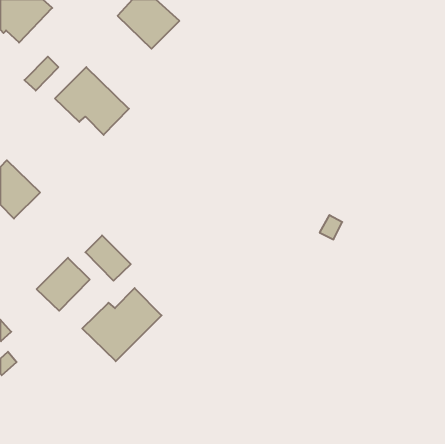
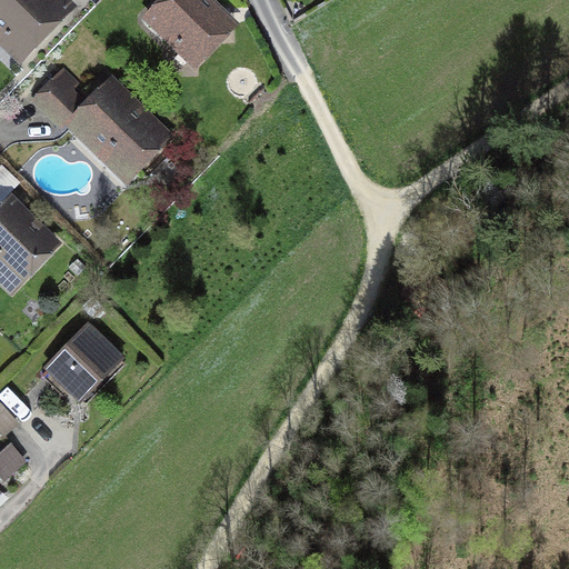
building: [85,235,131,281] -> none
building: [82,288,162,361] -> none

